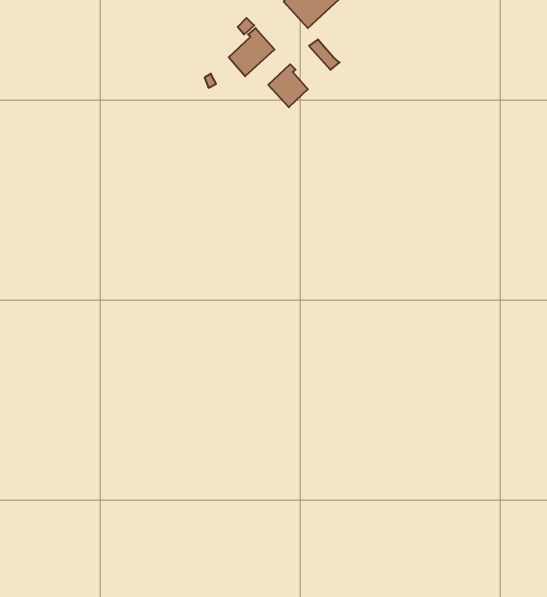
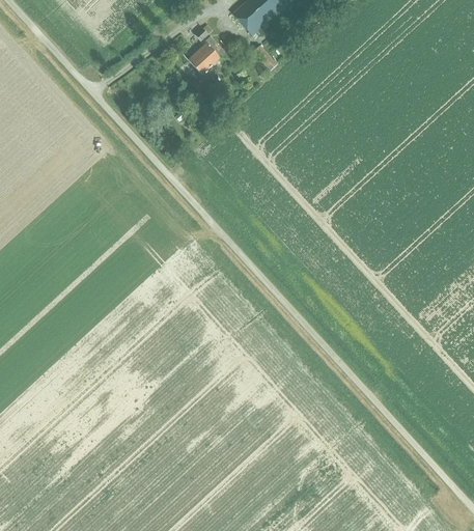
building: [268,64,308,107] -> none

